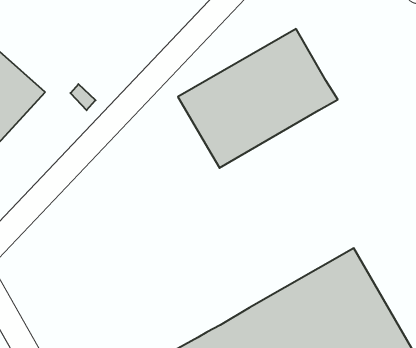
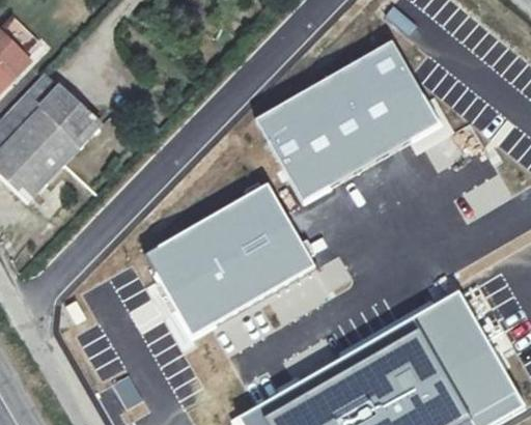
building: none -> [145,182,315,339]

